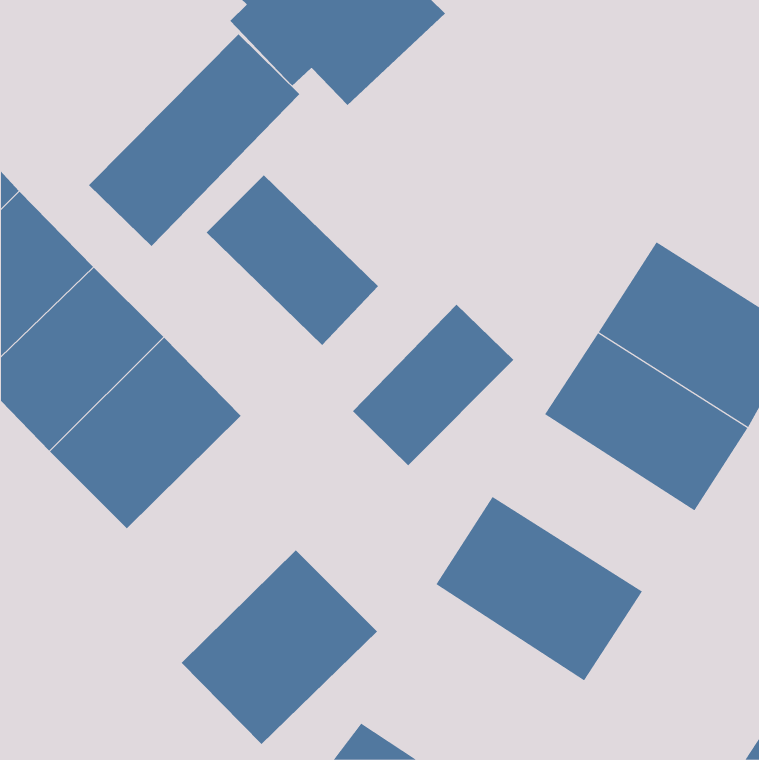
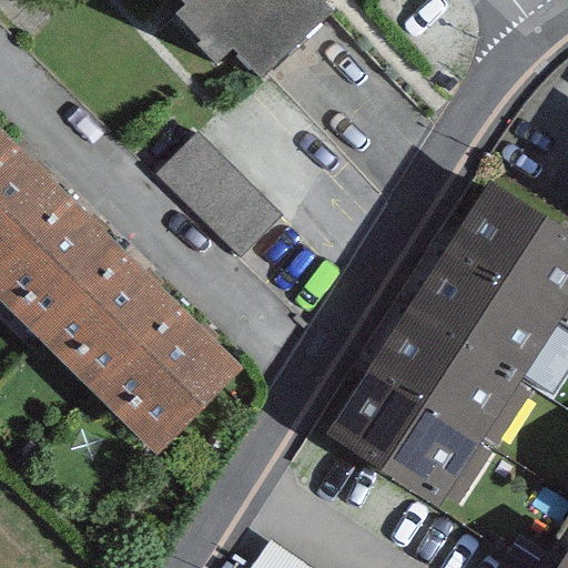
building: [88,33,300,247] -> none
building: [352,304,514,466] -> none
building: none -> [368,308,519,440]
building: [181,550,378,745] -> [97,310,243,455]

